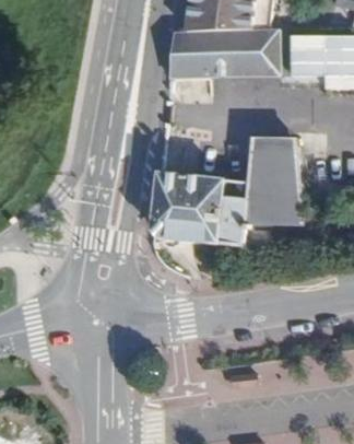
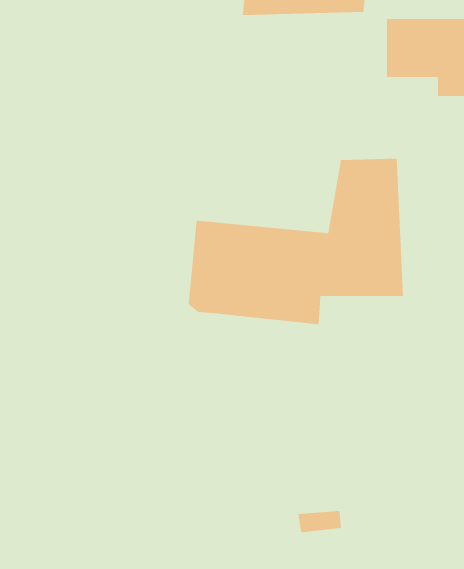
building: [167,30,276,79] -> none

